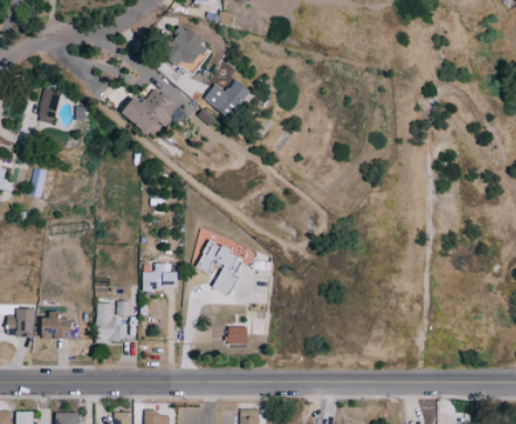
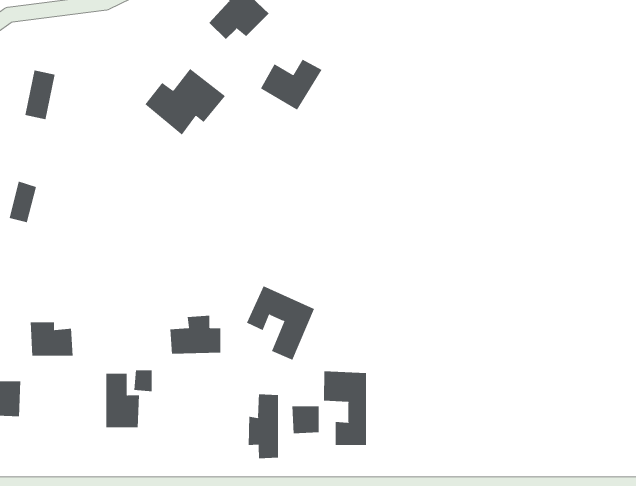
building: none -> [323,371,366,446]
building: [41,314,72,339] -> [30,322,74,356]
building: none -> [248,393,279,459]

